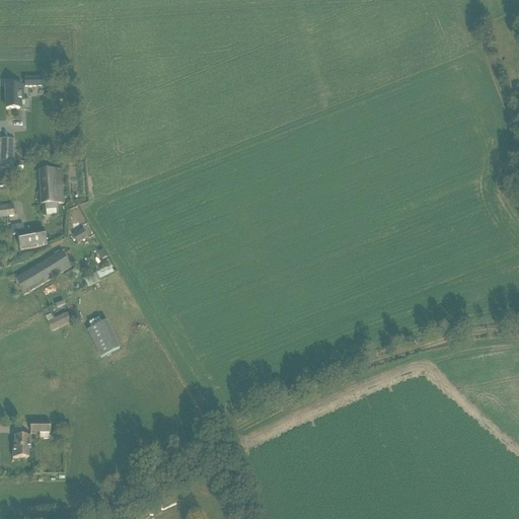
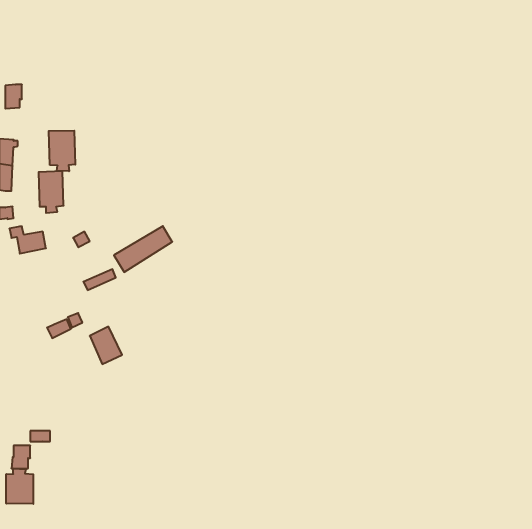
building: none -> [49,131,75,171]
building: [13,247,70,292] -> [114,226,172,272]
building: none -> [6,468,33,504]

